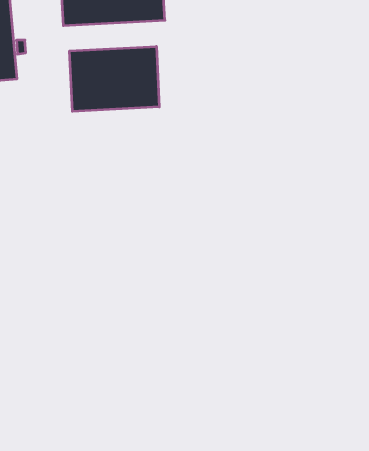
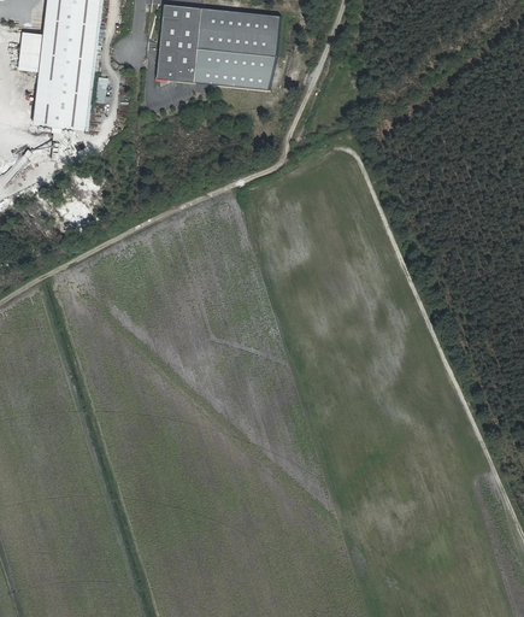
building: [70,46,159,111] -> none

